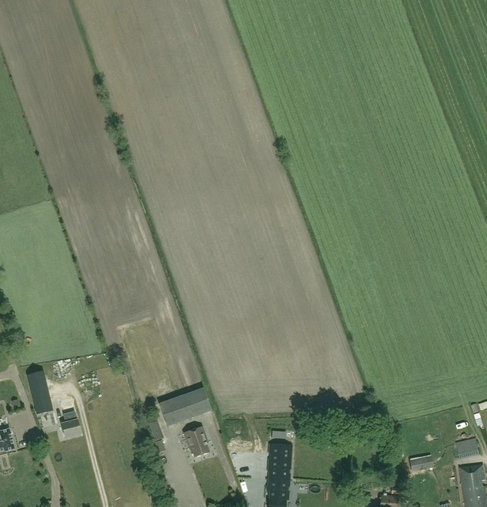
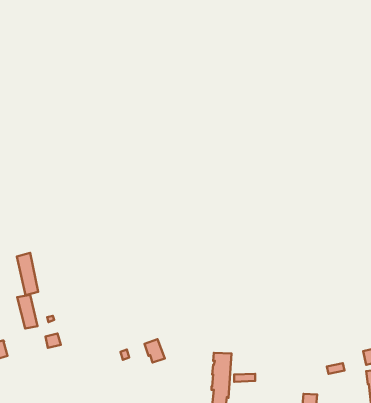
building: none -> [17,253,38,295]
building: [159,387,211,426] -> none

